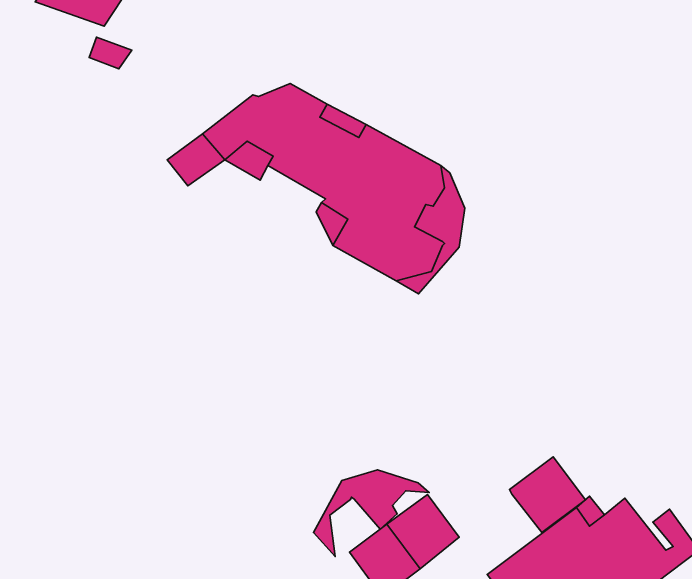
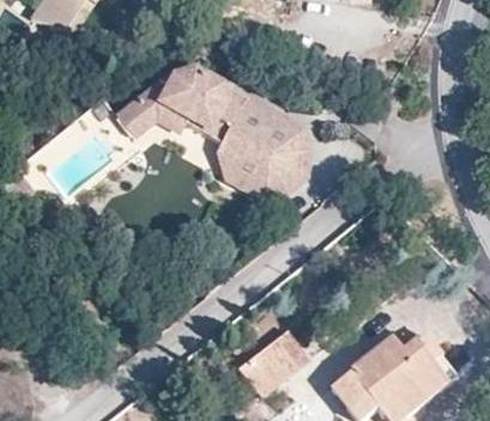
building: [509,457,585,533] -> none
building: [313,470,429,557] -> none

